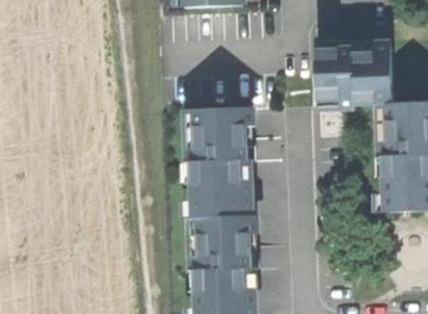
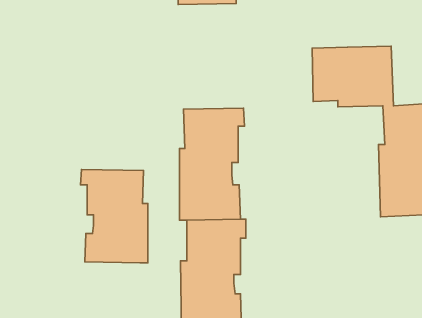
building: none -> [80,170,148,263]

